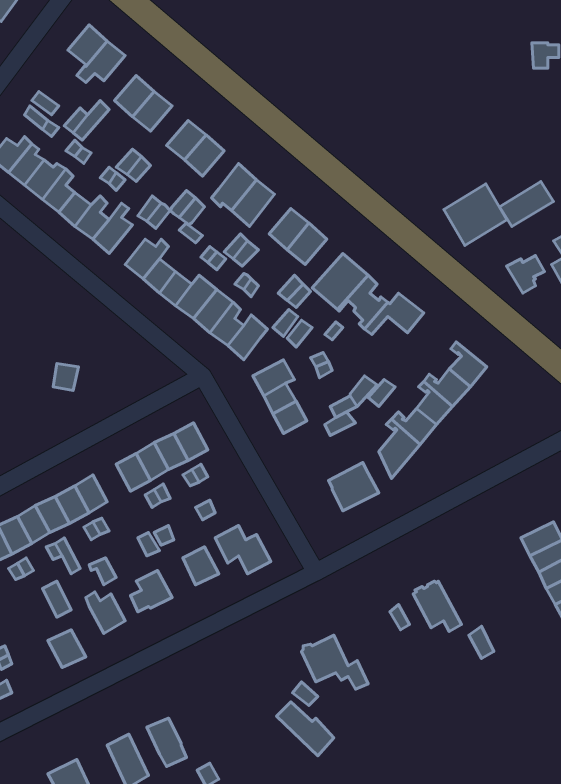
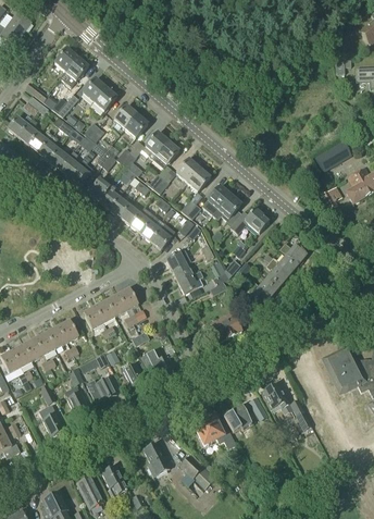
building: [444,184,507,246] -> none
building: none -> [223,404,252,431]
building: none -> [144,443,169,475]

